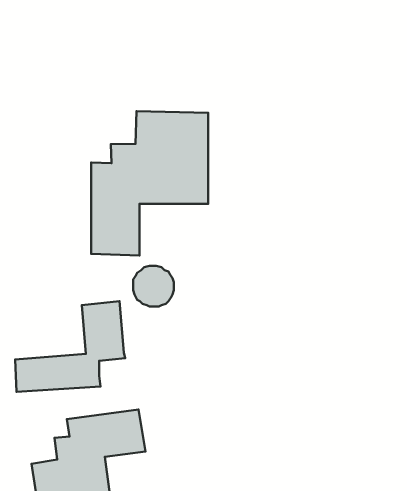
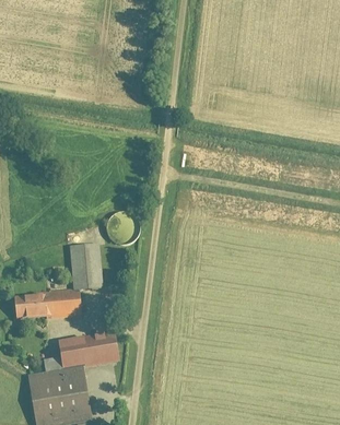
building: [91,111,208,255] -> none

